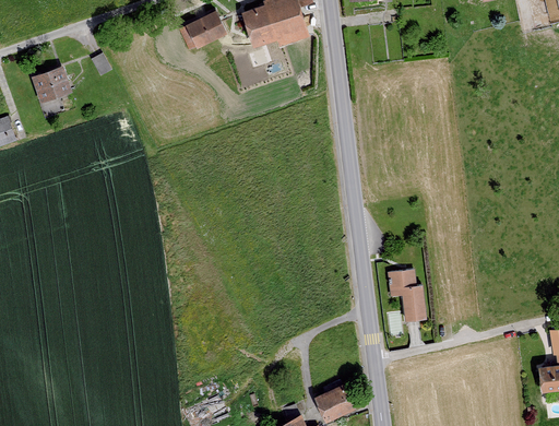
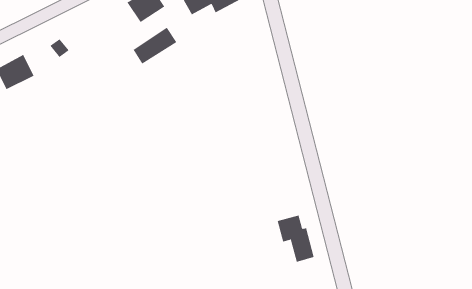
building: none -> [133,27,177,65]
building: [390,270,426,321] -> [277,215,315,262]

